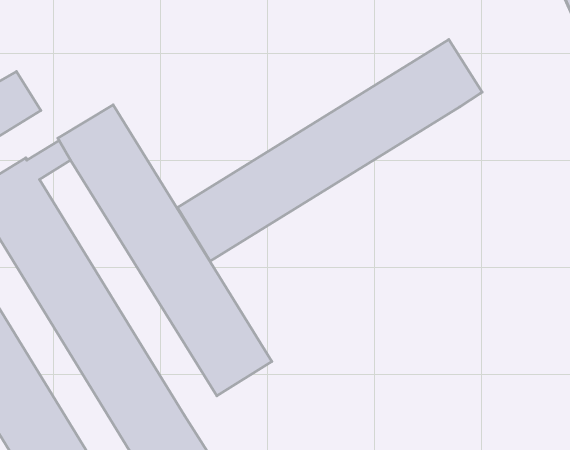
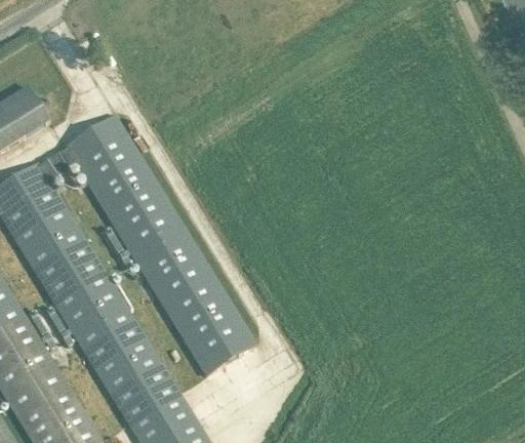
building: [177,39,482,261] -> none

